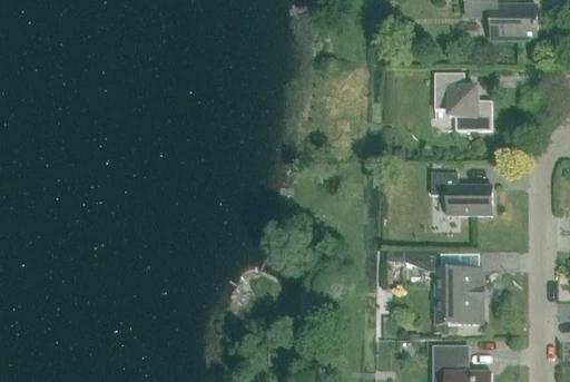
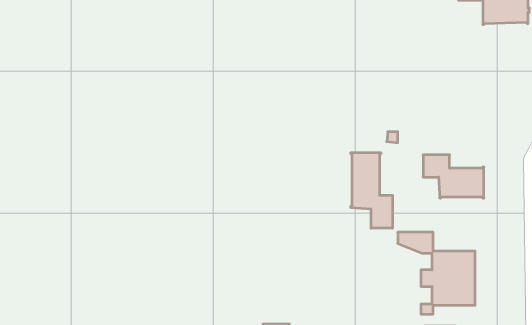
building: [434,72,492,129] -> none
building: none -> [351,153,392,228]

